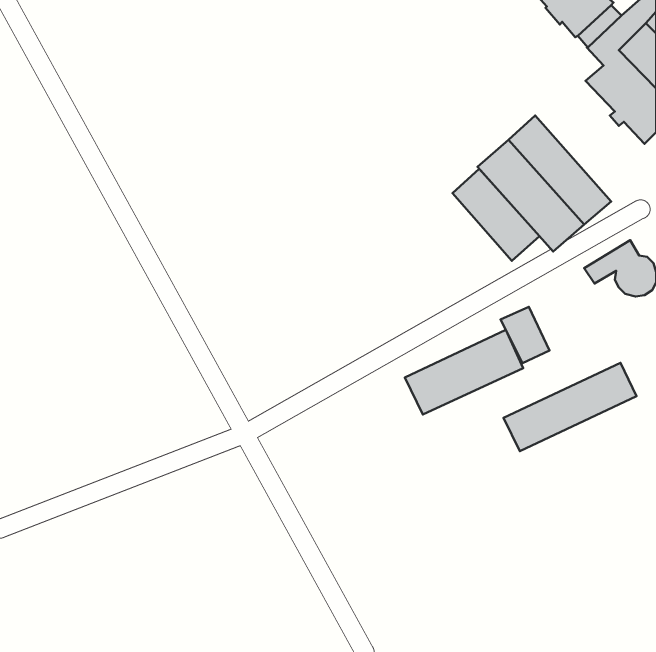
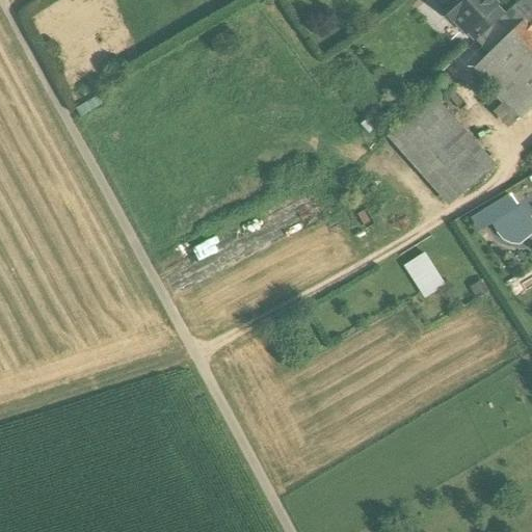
building: [453,169,540,261] -> none
building: [405,330,523,414] -> none
building: [504,363,637,451] -> none

